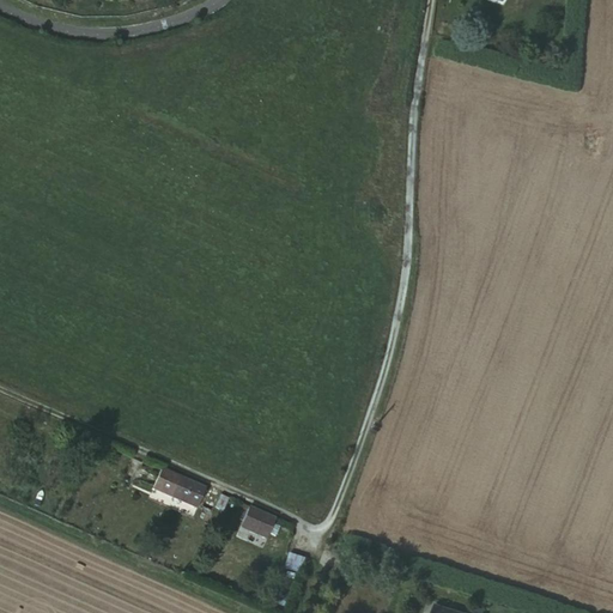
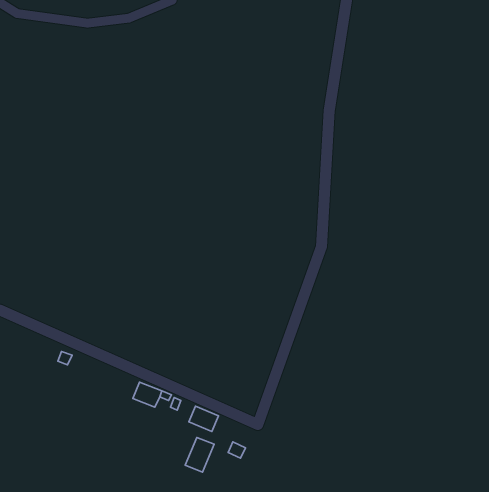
building: none -> [185,437,214,472]

